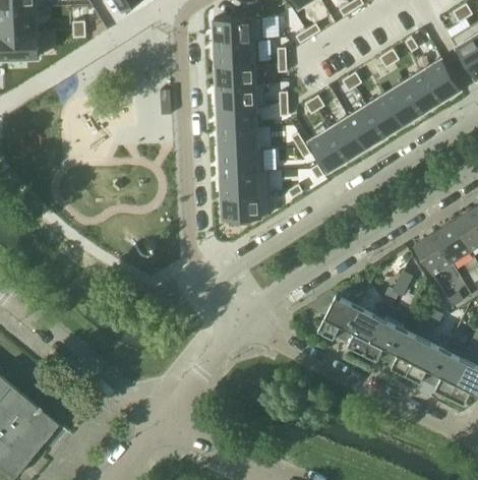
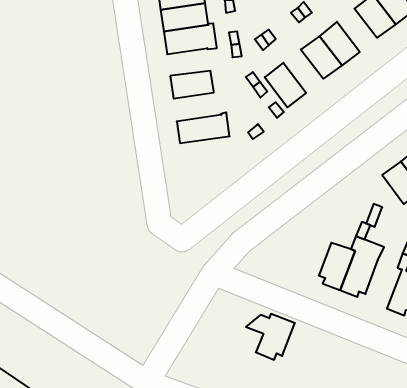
building: [384,81,422,124] -> none
building: [217,106,257,129] -> none
building: [328,116,366,159] -> none
building: [219,148,263,174] -> none
building: [221,193,271,219] -> none
building: [310,295,358,340] -> [246,314,295,360]
building: [386,327,424,375] -> none

